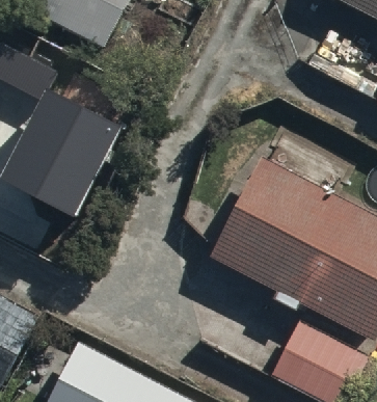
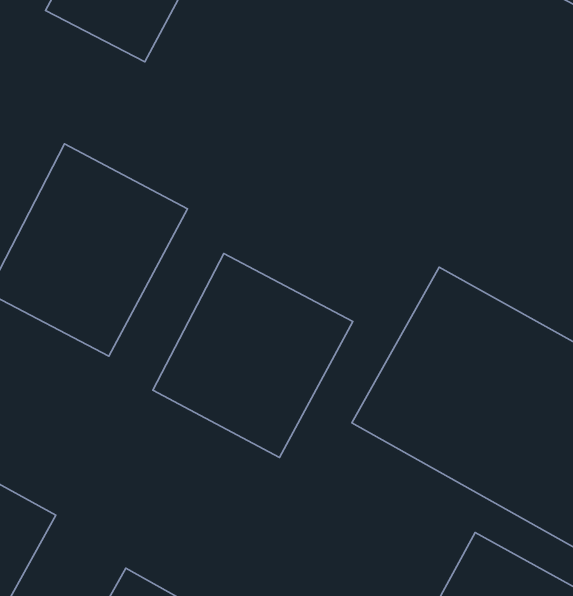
building: none -> [153,254,353,457]

